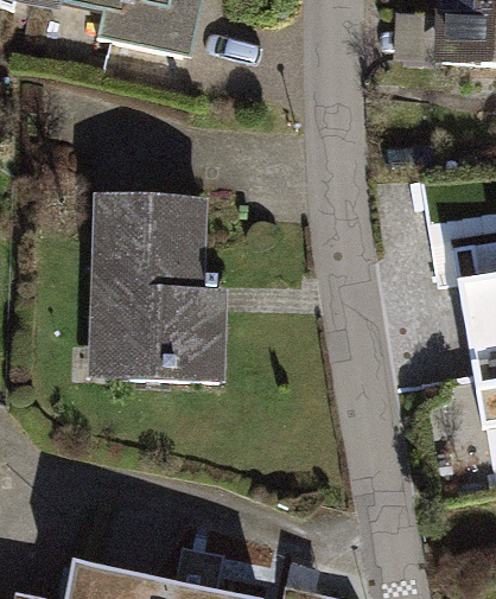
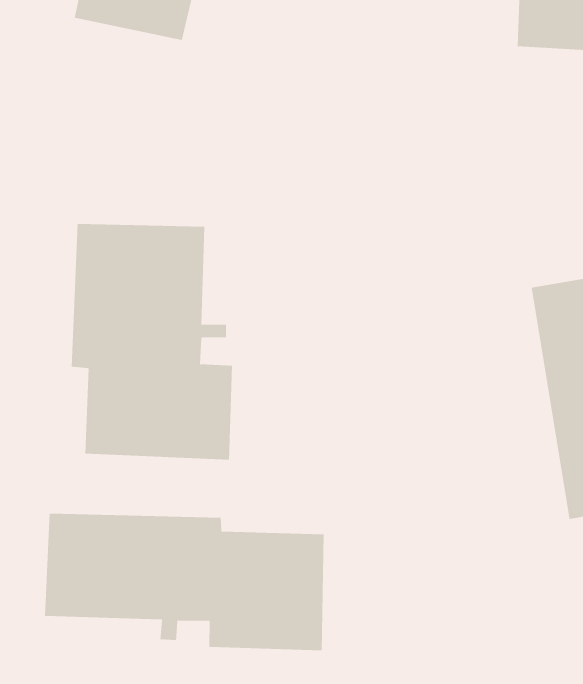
building: none -> [45,513,324,651]

